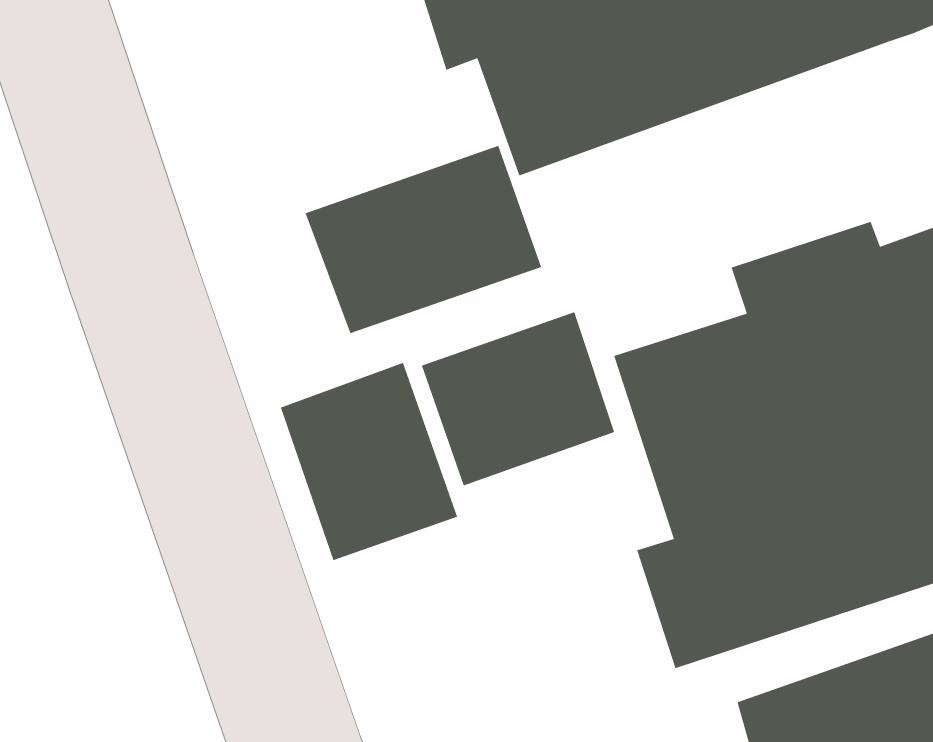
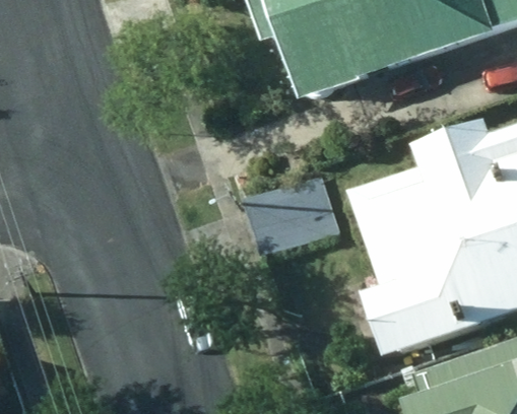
building: [305,145,542,334] -> none
building: [280,362,458,561] -> none

